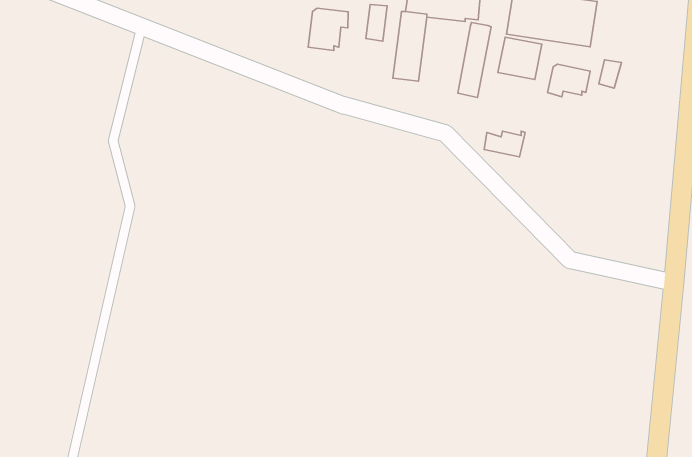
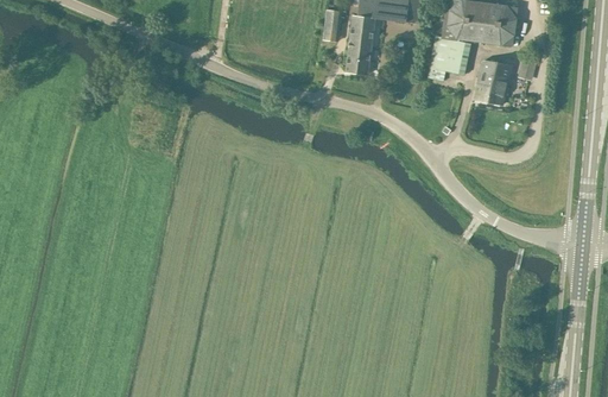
building: [308,8,348,50] -> none
building: [458,22,491,97] -> none
building: [484,131,525,157] -> [474,82,508,103]

